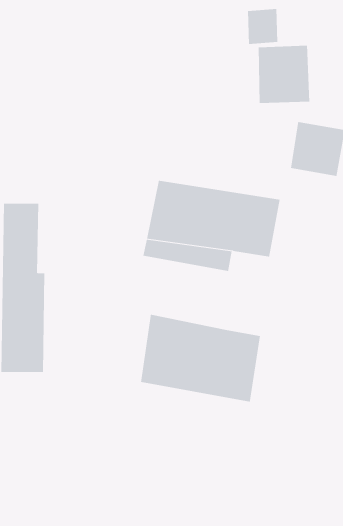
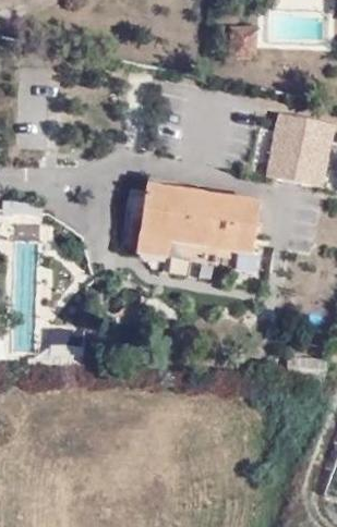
building: [258,45,310,104] -> none
building: [141,314,261,402] -> none

